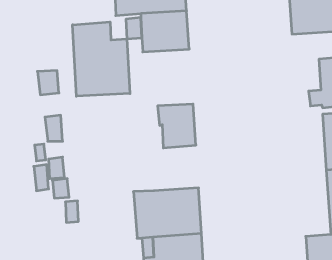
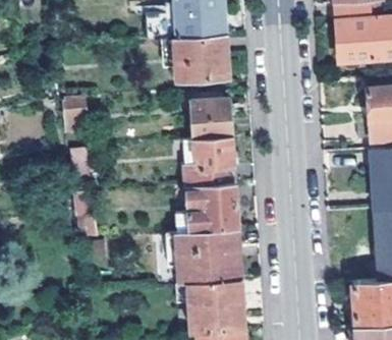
building: [73,22,130,96] -> none
building: none -> [190,100,231,139]
building: none -> [185,182,237,232]

